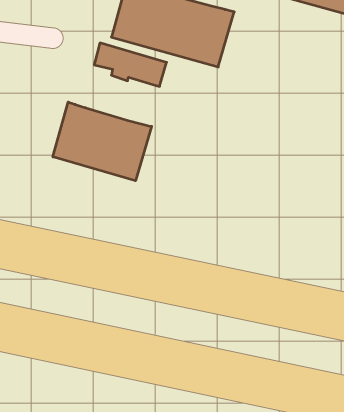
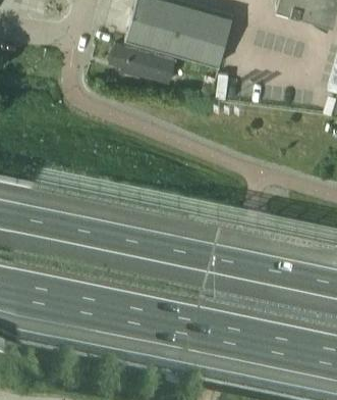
building: [53,102,152,181] -> none

